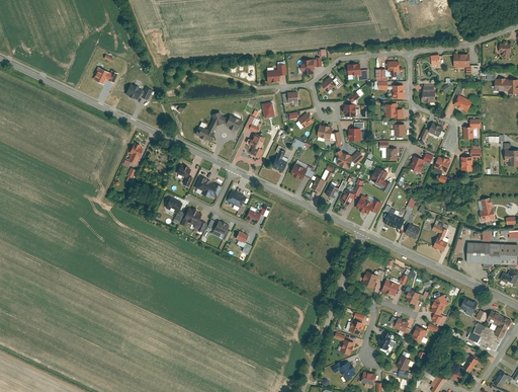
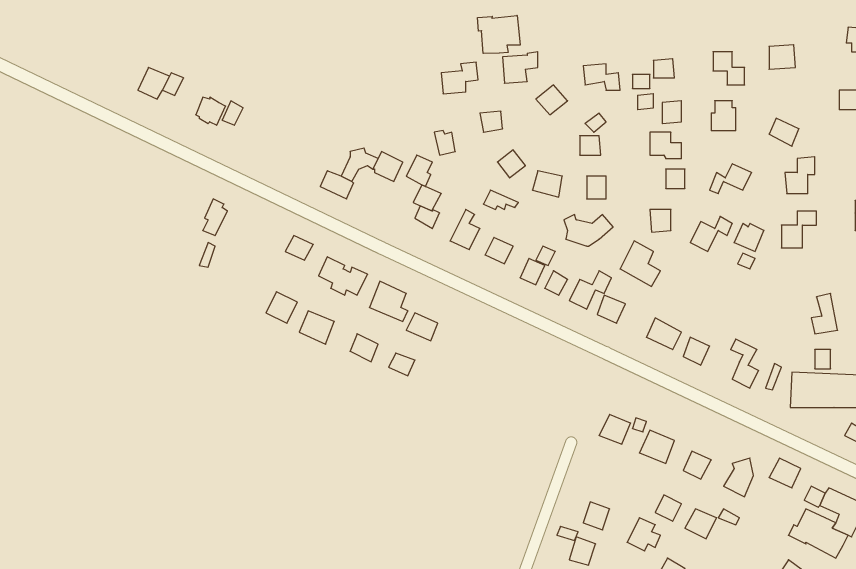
building: none -> [478,15,520,53]

